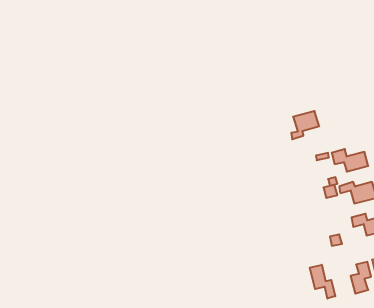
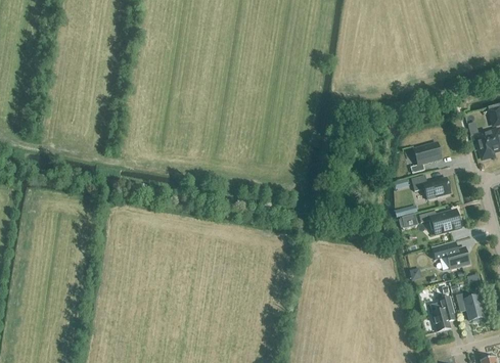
building: [291,111,319,139] -> [411,142,442,173]
building: [310,265,335,299] -> none

